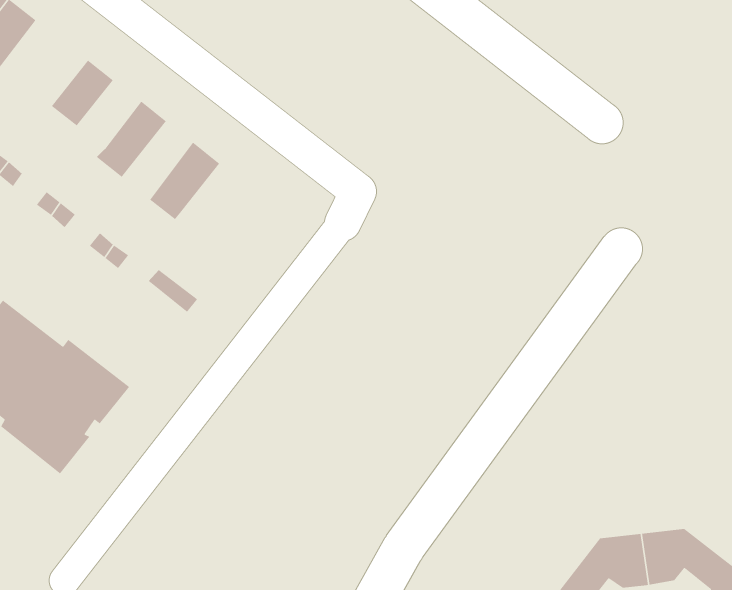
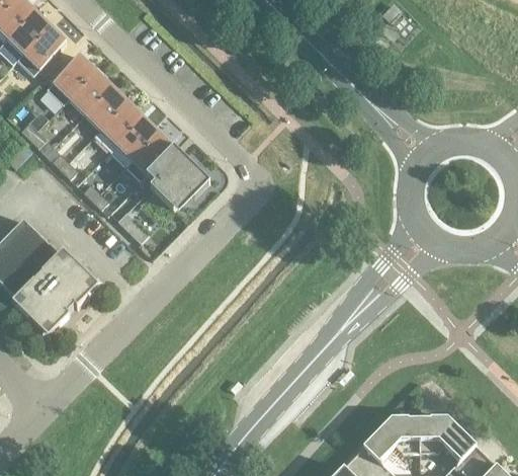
building: none -> [47,55,96,104]
building: none -> [84,86,127,130]
building: none -> [109,116,158,166]
building: none -> [147,148,204,210]

